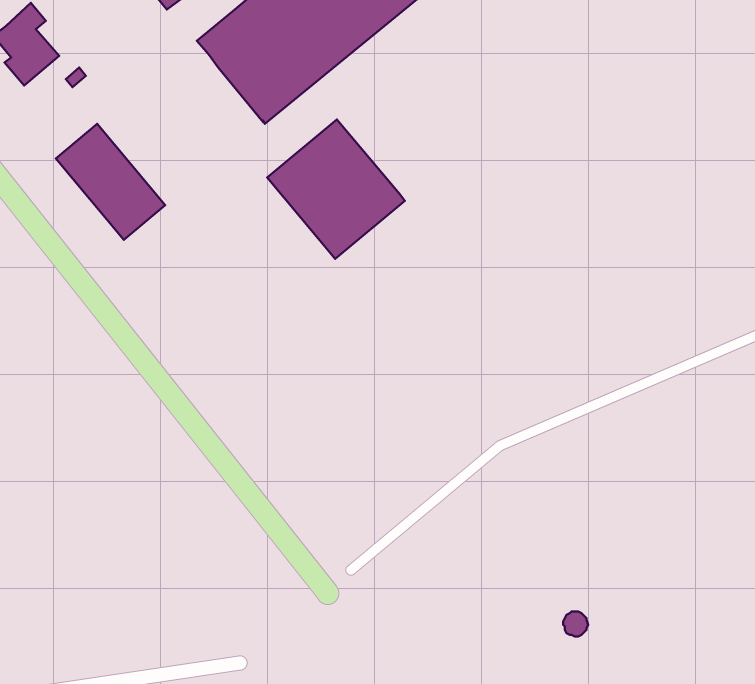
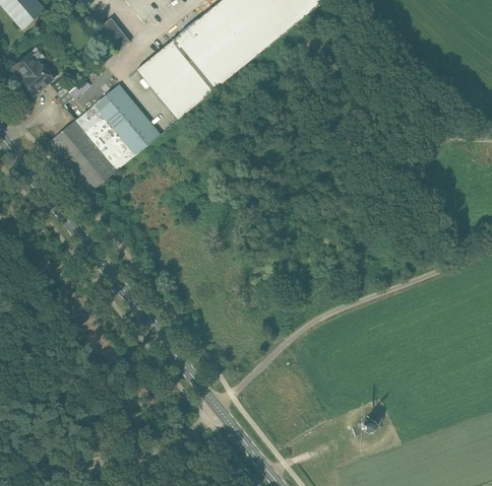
building: [267,119,405,259] -> [75,84,160,169]

